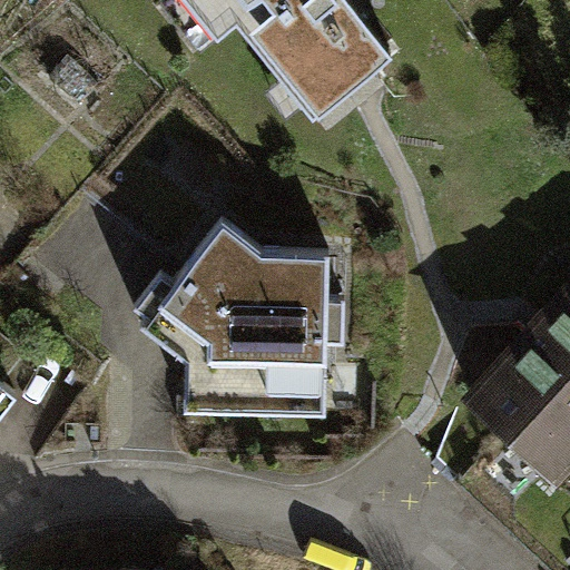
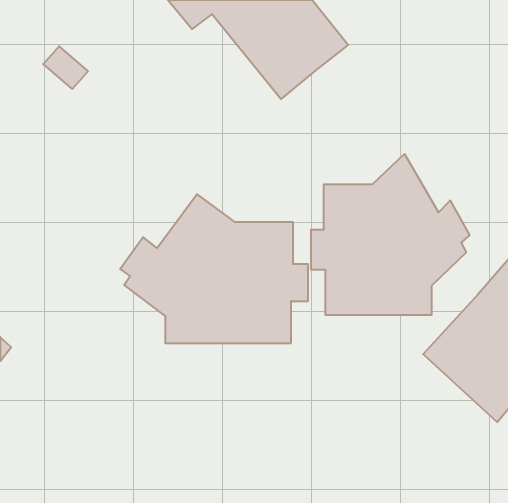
building: none -> [311,154,470,315]

